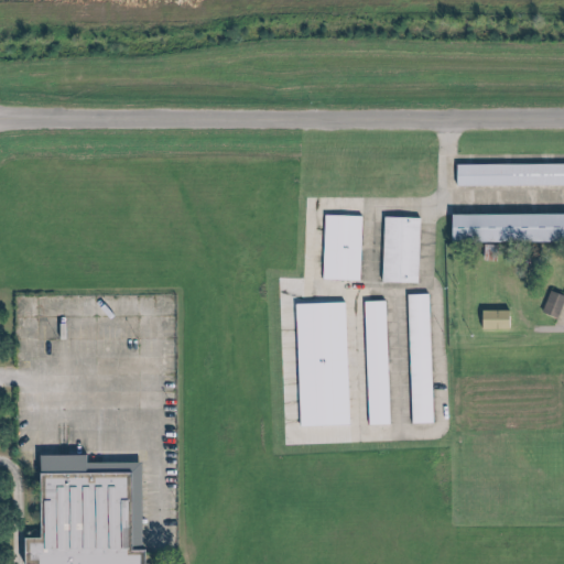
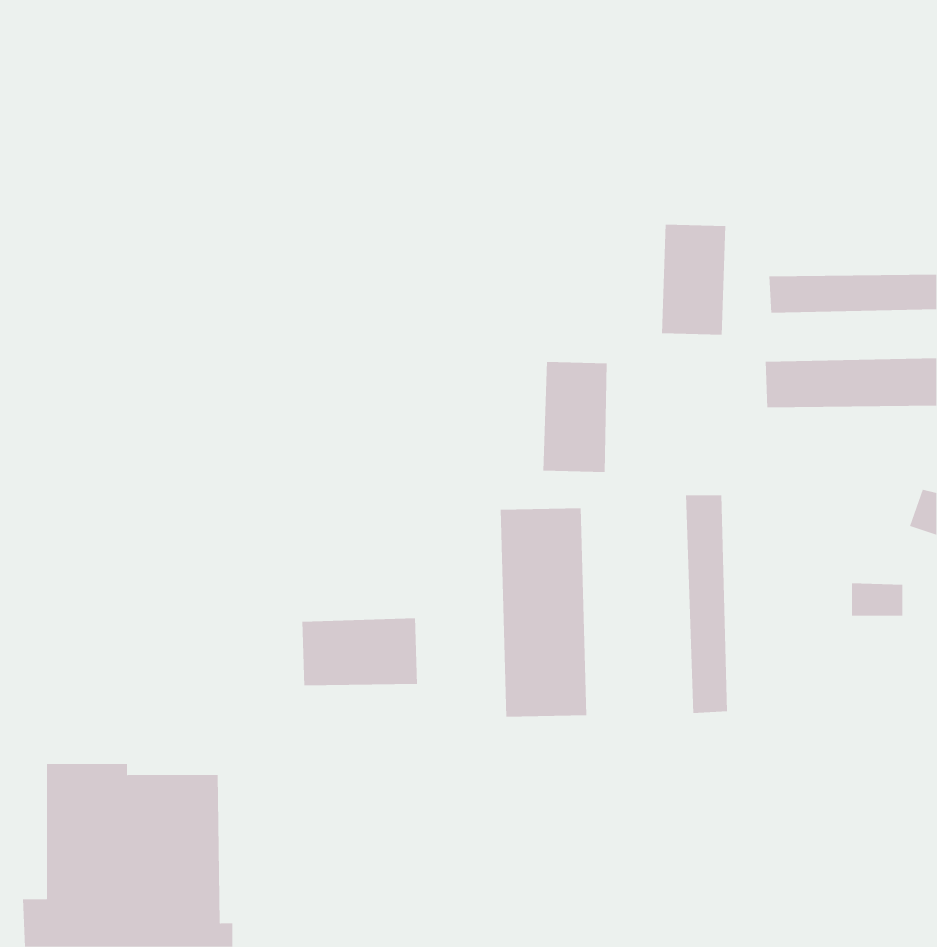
building: [382,217,421,283] -> [661,224,726,335]
building: [365,301,390,425] -> none
building: [481,310,512,329] -> [851,583,903,616]
building: none -> [302,618,417,686]

